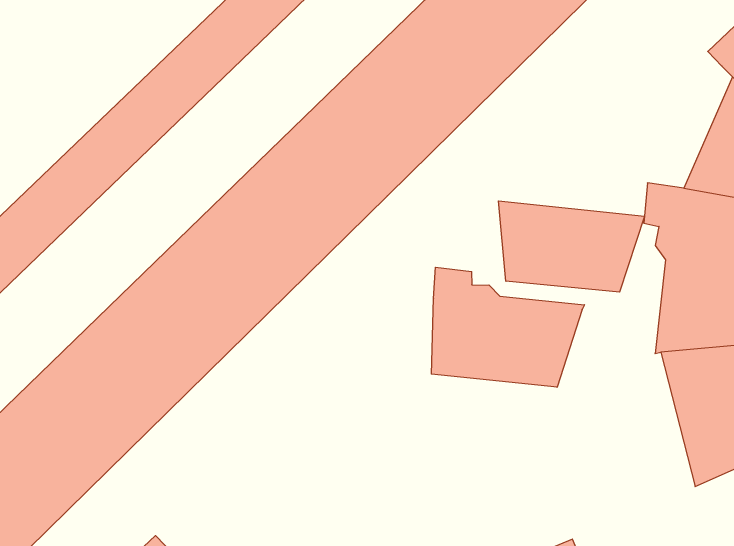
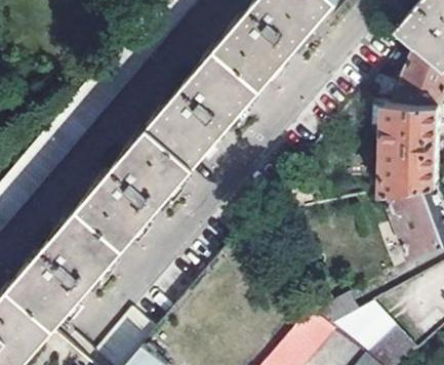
building: [498,201,644,292] -> none
building: [431,267,584,387] -> none

